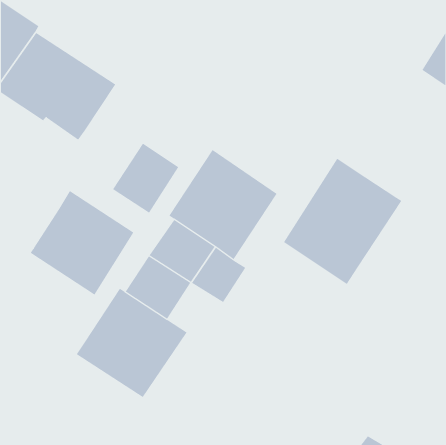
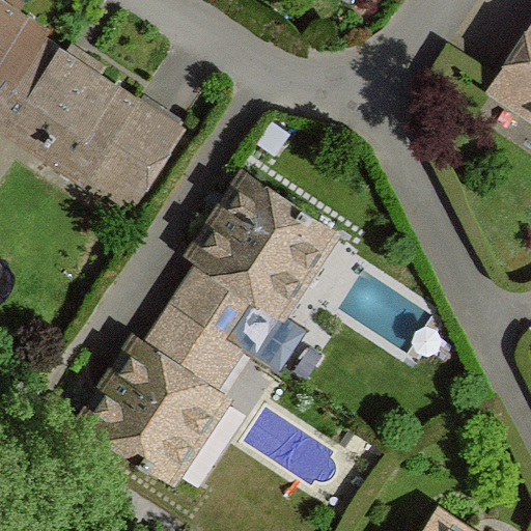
building: [112,143,179,213] -> [102,102,181,186]
building: [283,158,402,285] -> none
building: [30,190,134,295] -> none

